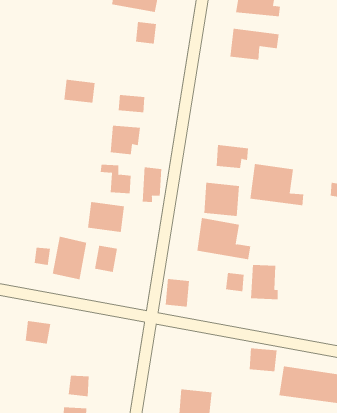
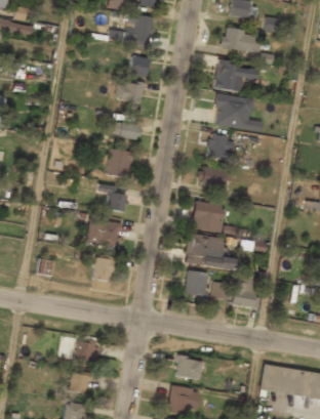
building: [64,79,95,103] -> [115,81,144,102]
building: none -> [207,136,235,161]
building: [250,164,304,206] -> [213,93,263,131]
building: [142,167,162,203] -> none
building: [52,236,87,280] -> none
building: [165,279,190,307] -> [185,270,207,296]
building: [25,320,51,344] -> [75,340,98,362]
building: [249,348,277,372] -> [176,358,202,379]

